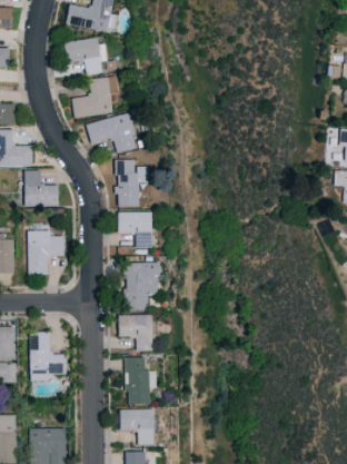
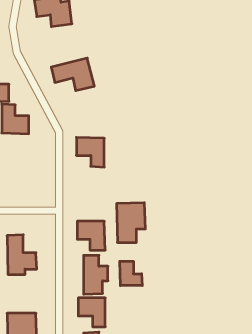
building: [72,76,119,118] -> none
building: [116,160,149,207] -> none
building: [29,230,65,275] -> none
building: [123,261,159,310] -> [117,203,145,242]
building: none -> [120,261,142,286]

